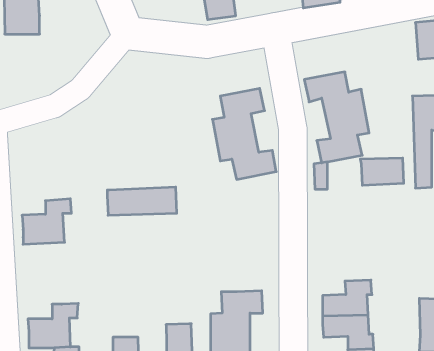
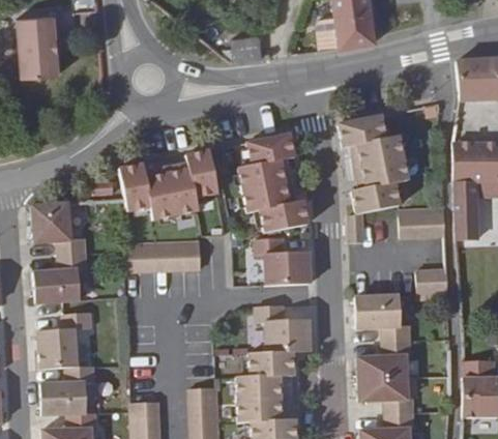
building: none -> [121,150,218,220]
building: none -> [33,200,87,255]
building: none -> [255,238,310,285]
building: none -> [415,269,446,298]
building: none -> [354,295,409,341]
building: none -> [256,304,310,352]
building: none -> [39,311,92,368]

